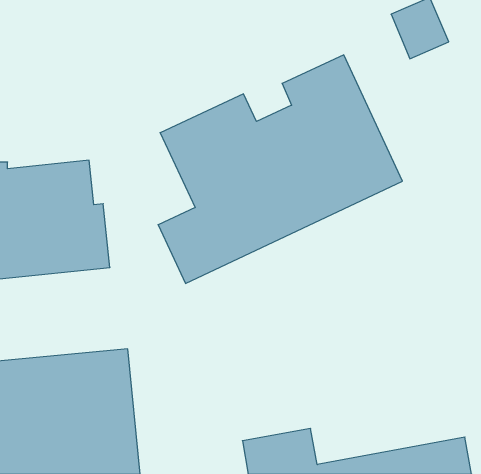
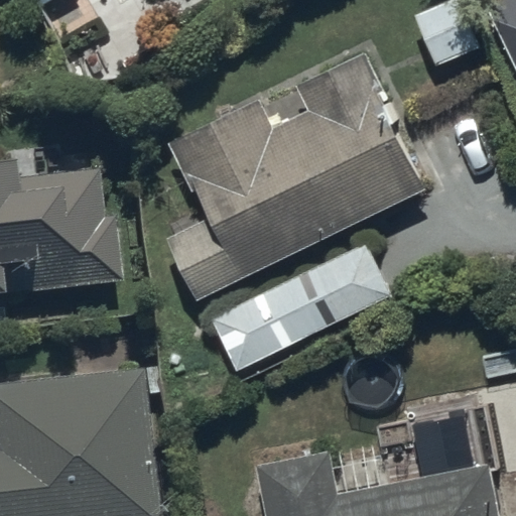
building: none -> [206,234,389,371]

